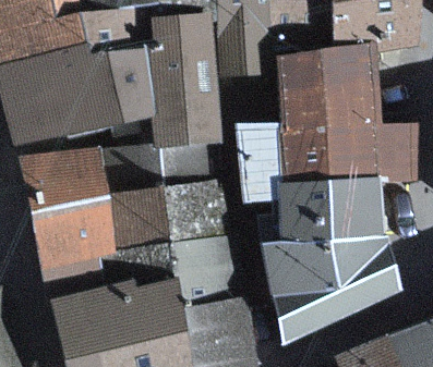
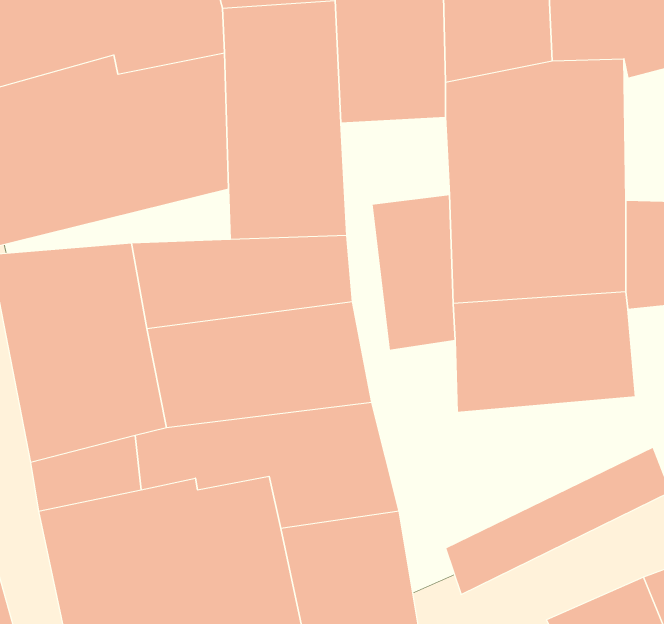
building: [260,233,393,318] -> none

